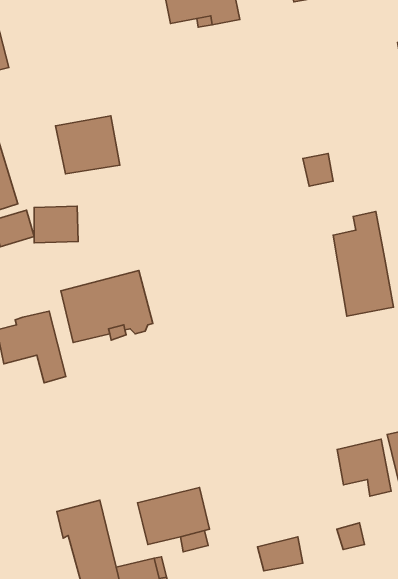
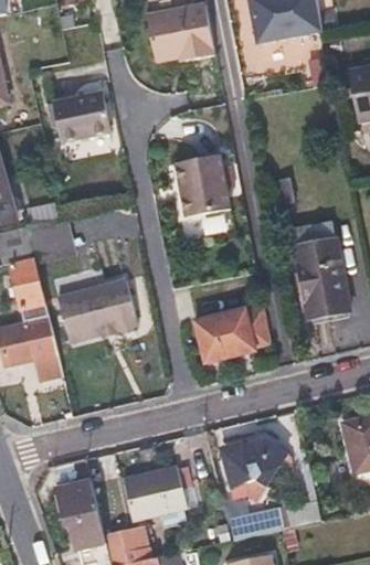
building: [55,116,120,174] -> [51,87,107,138]
building: none -> [172,153,229,216]
building: none -> [9,259,45,318]
building: none -> [195,306,269,360]
building: [337,439,391,496] -> [230,437,277,487]

